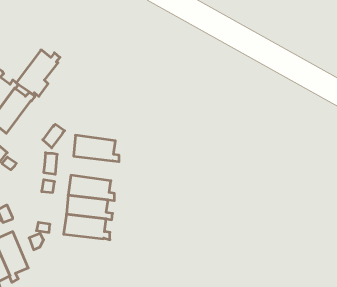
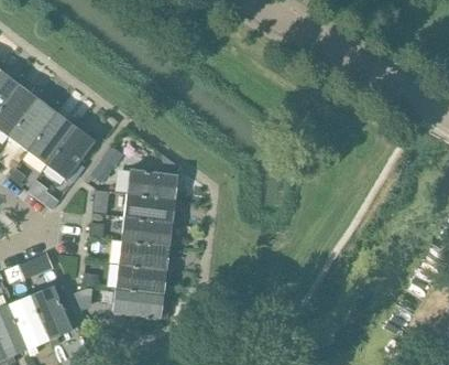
building: [16,50,60,96] -> [45,126,98,182]
building: none -> [123,193,179,224]
building: none -> [110,288,168,324]

